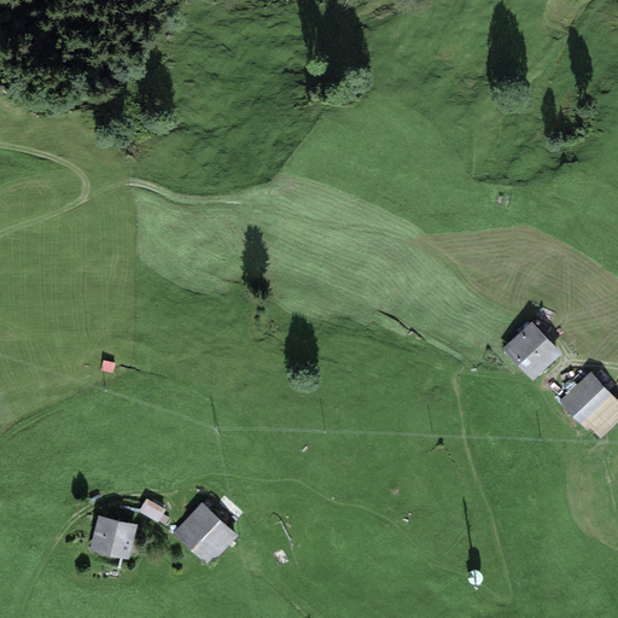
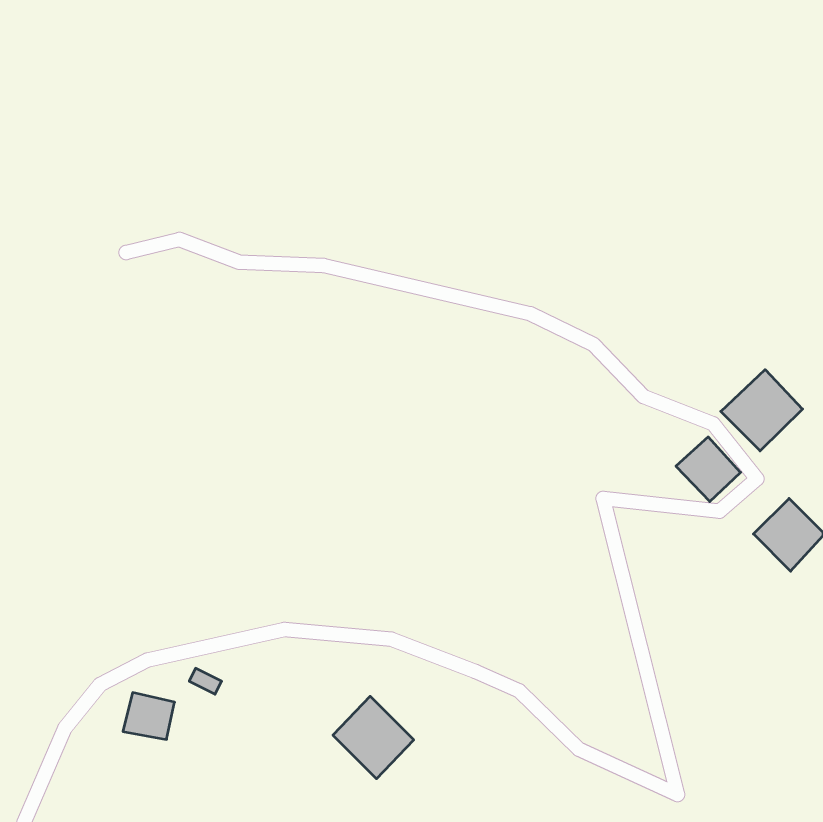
building: none -> [721,370,803,451]
building: [175,502,235,564] -> [333,696,414,779]

